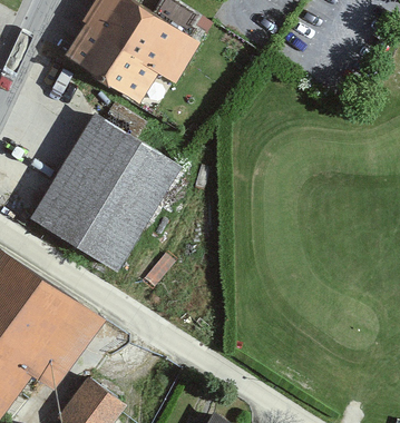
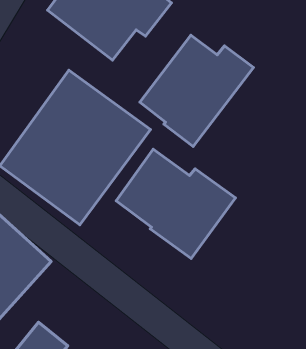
building: none -> [140,35,254,147]
building: none -> [116,149,236,259]

